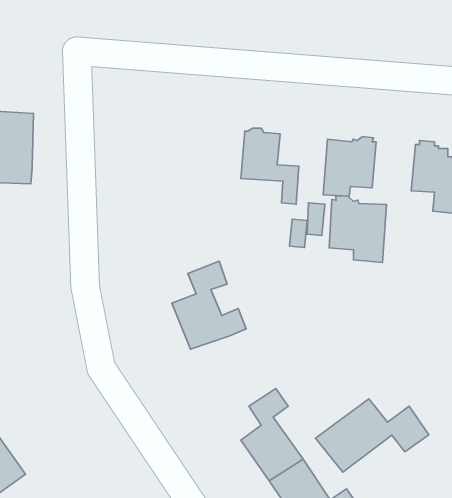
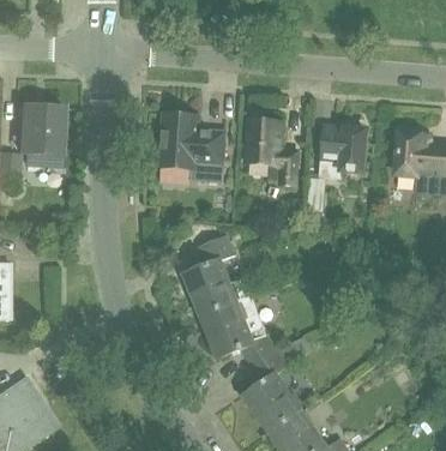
building: none -> [158,114,224,184]
building: [329,196,387,262] -> none
building: none -> [201,296,277,365]
building: [315,399,429,472] -> none

